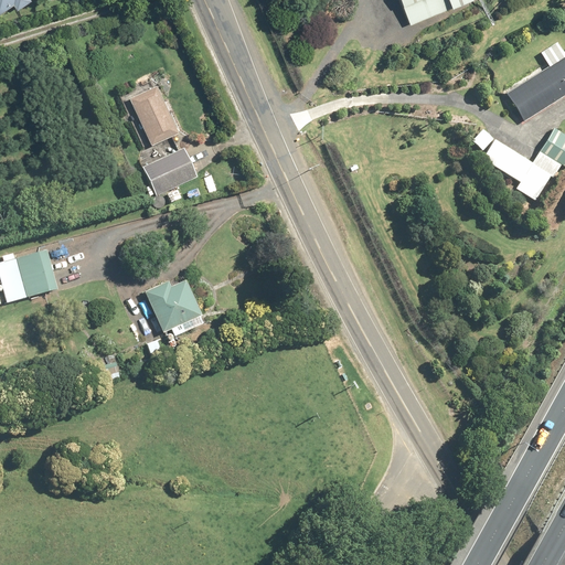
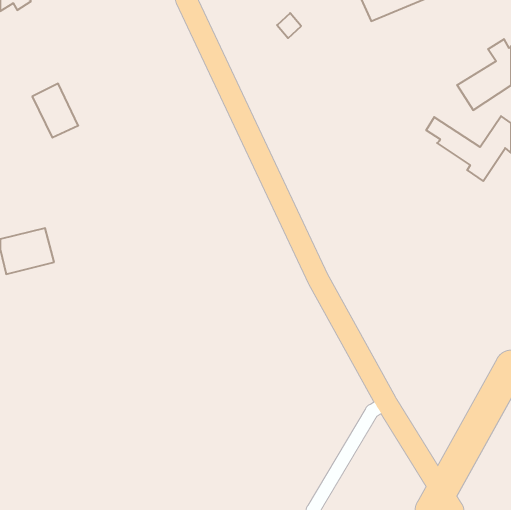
building: [130,86,181,146] -> [32,84,78,138]
building: [143,149,196,195] -> none
building: [146,280,203,332] -> none

